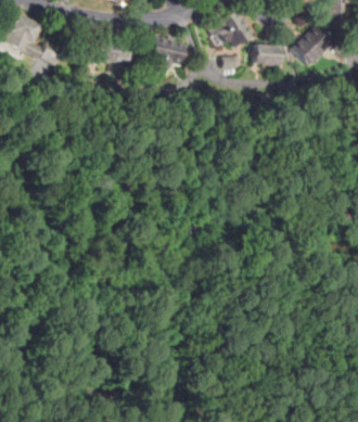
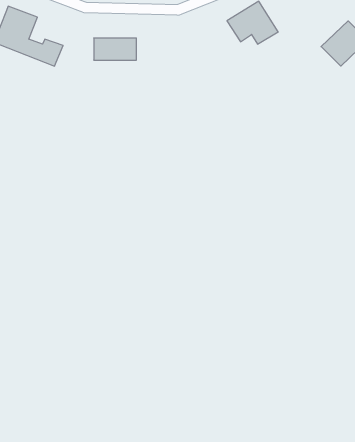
building: [150,37,186,68] -> none
building: [253,44,280,65] -> none

